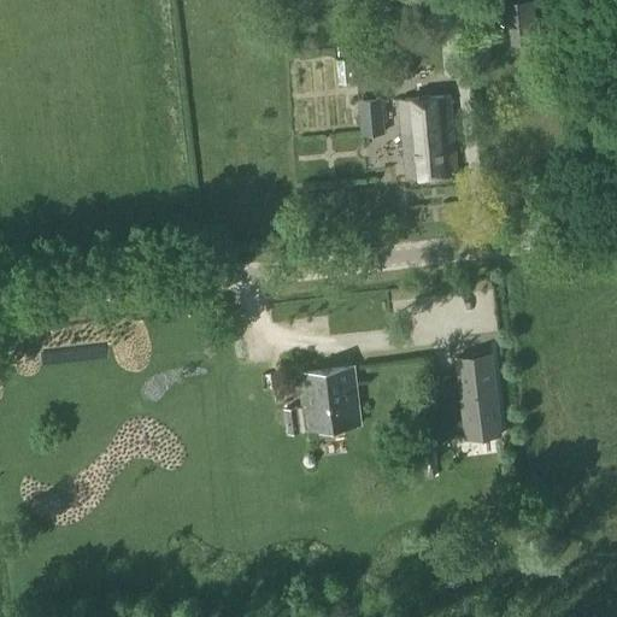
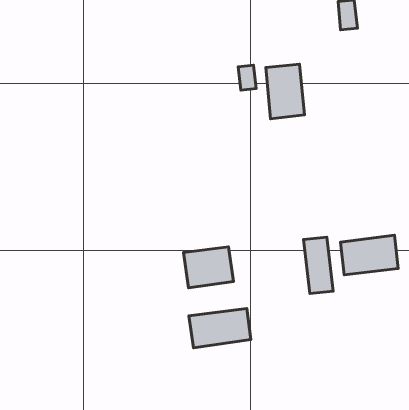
building: none -> [341,235,398,275]
building: none -> [189,308,251,348]

